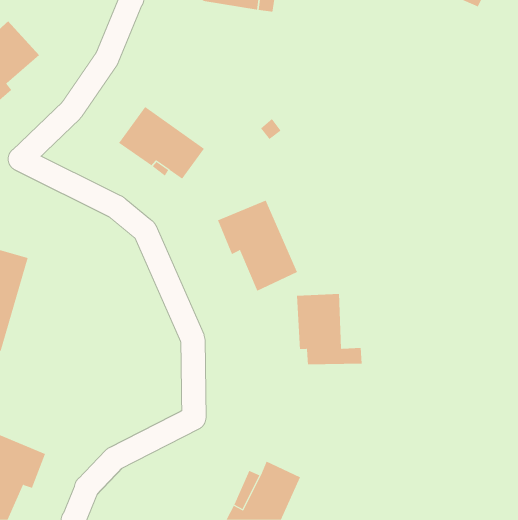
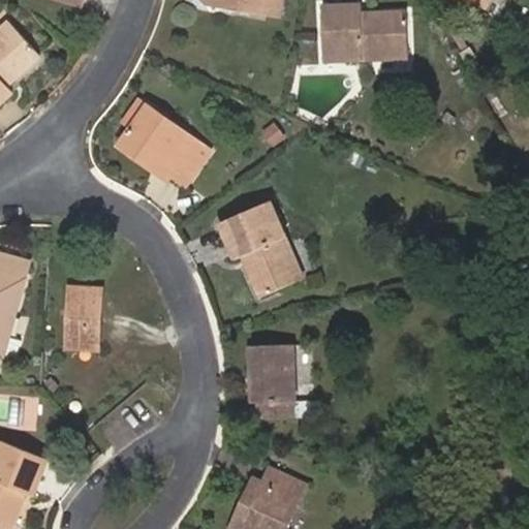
building: none -> [322,5,406,59]
building: none -> [66,288,101,347]
building: [296,293,362,365] -> [247,345,314,417]

